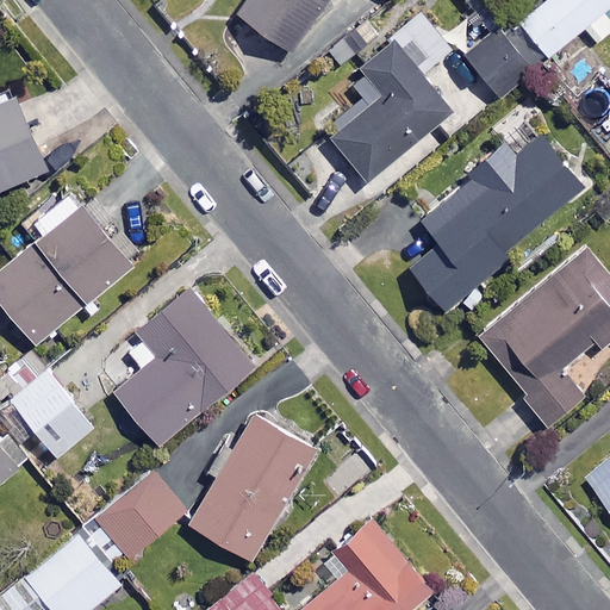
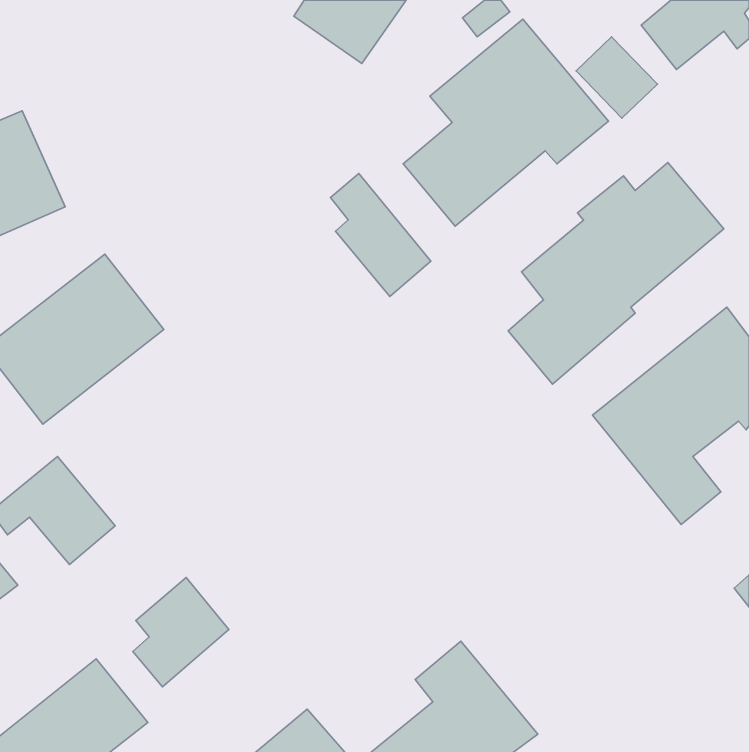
building: none -> [331,173,431,297]
building: [108,292,254,446] -> none
building: [191,416,313,560] -> none

